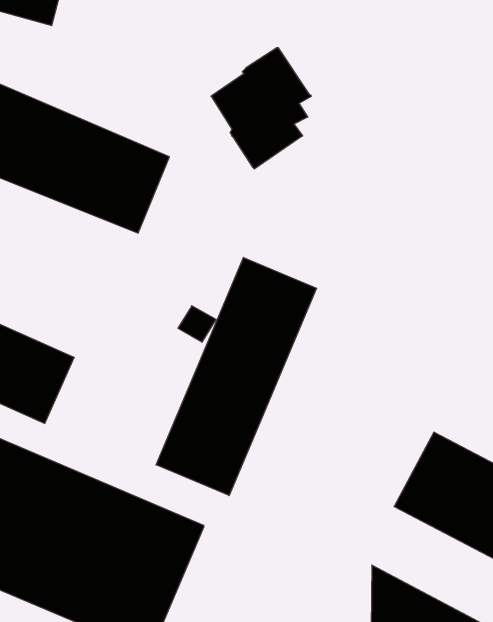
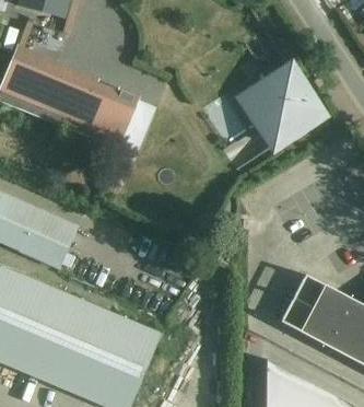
building: [211,48,311,169] -> [248,69,312,146]
building: [156,257,317,496] -> none

